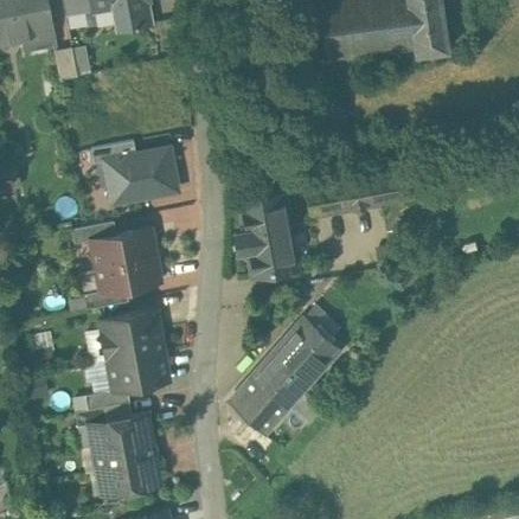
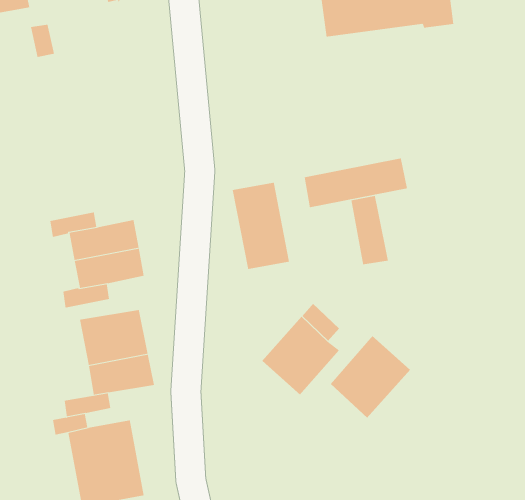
building: [105,147,179,201] -> none
building: none -> [351,195,389,265]
building: [229,358,303,435] -> [330,335,411,418]

